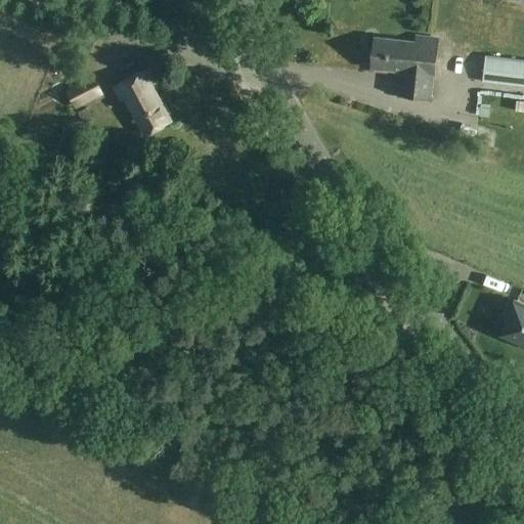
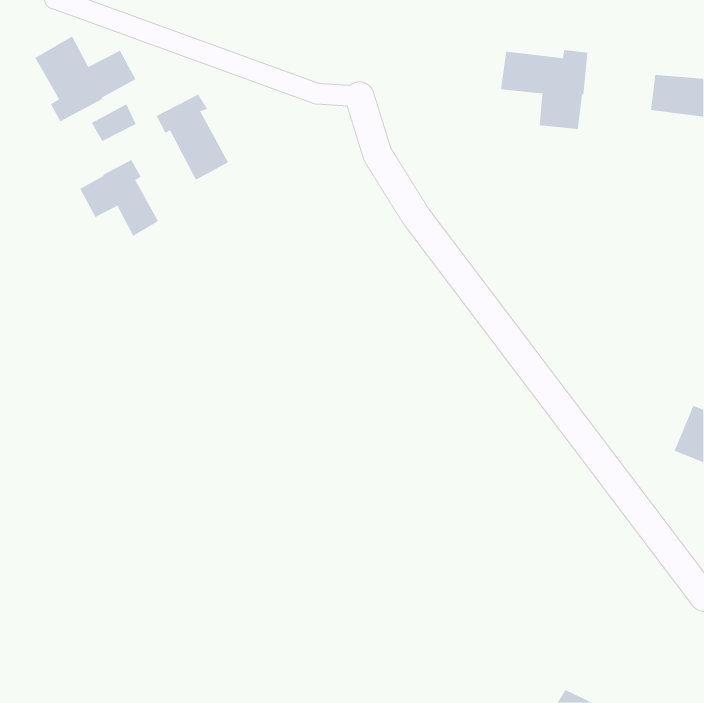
building: none -> [34,36,136,122]
building: none -> [80,159,159,237]

